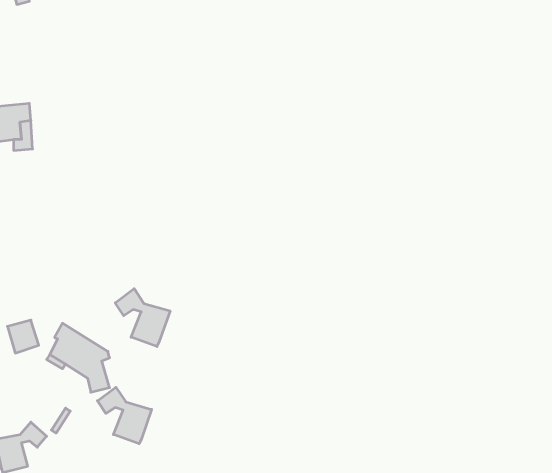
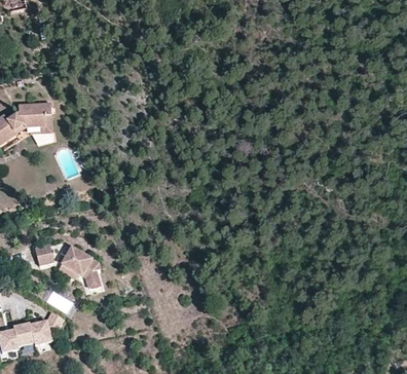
building: [115,289,170,347] -> none
building: [97,387,152,444] -> none

